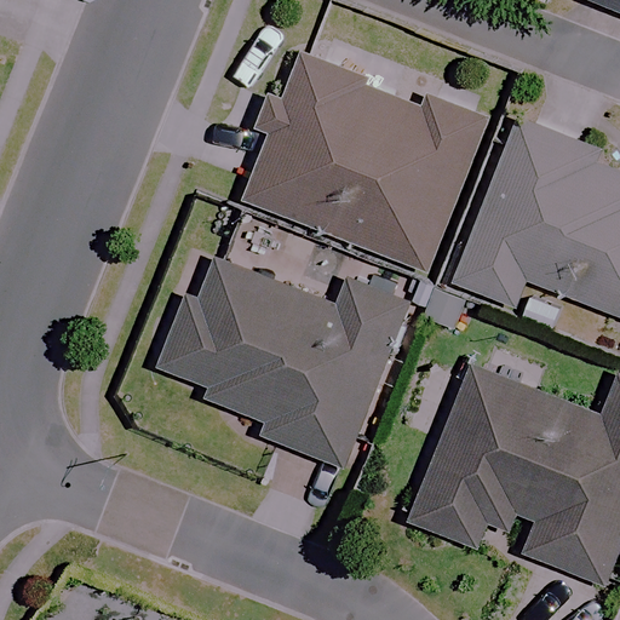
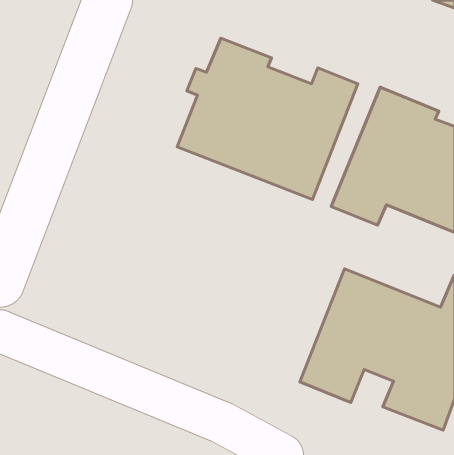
building: [157,253,408,466] -> none

